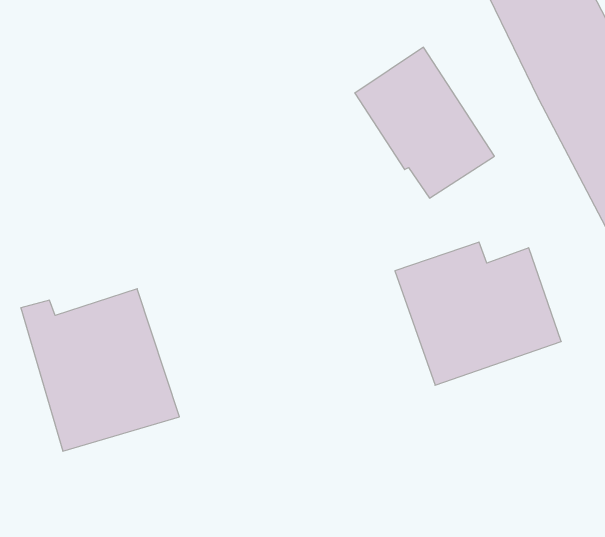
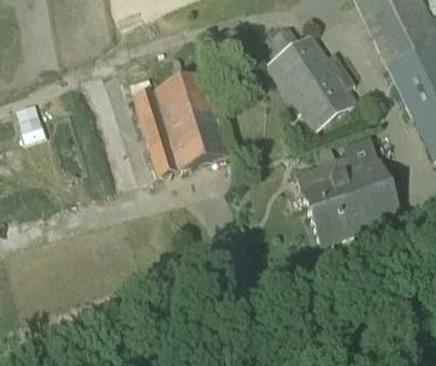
building: [21,289,179,451] -> [129,70,229,172]

